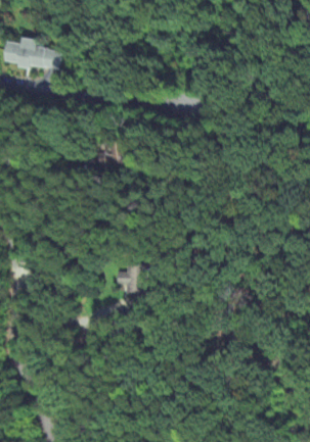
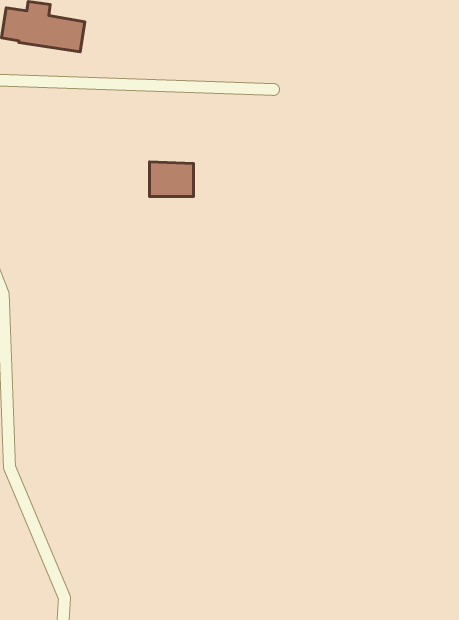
building: [114,263,143,294] -> none

